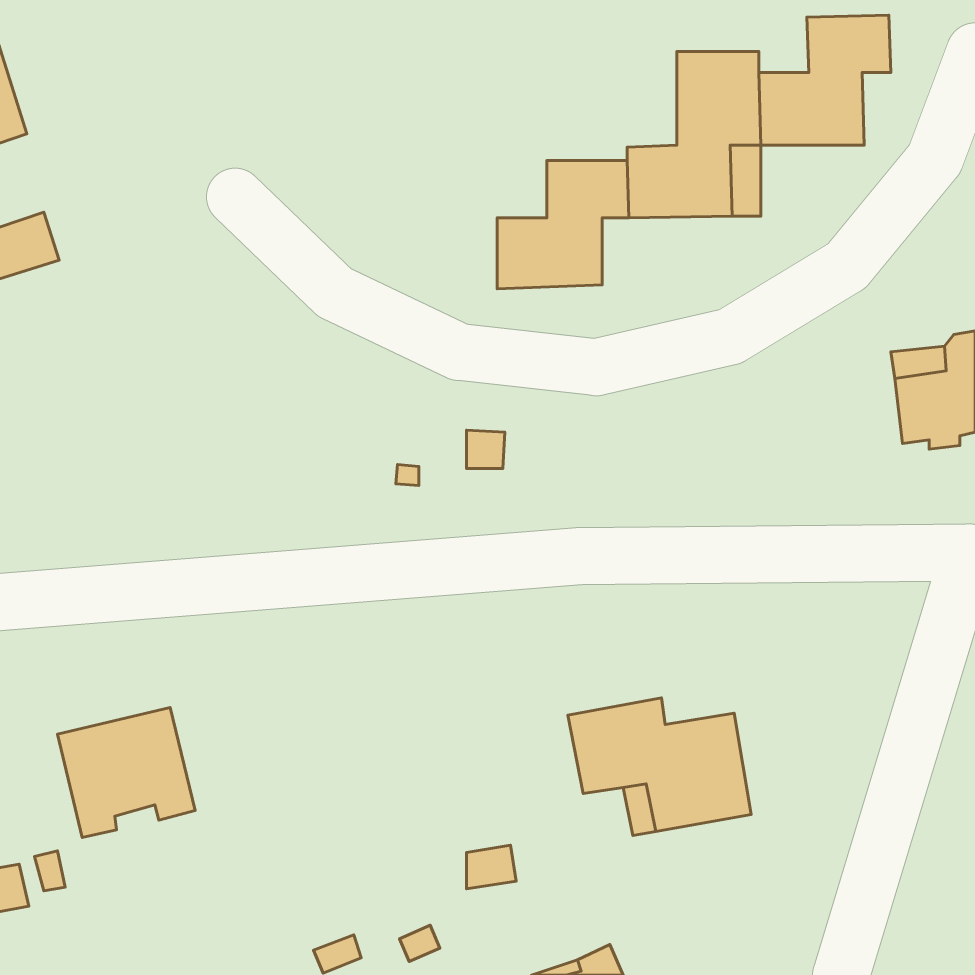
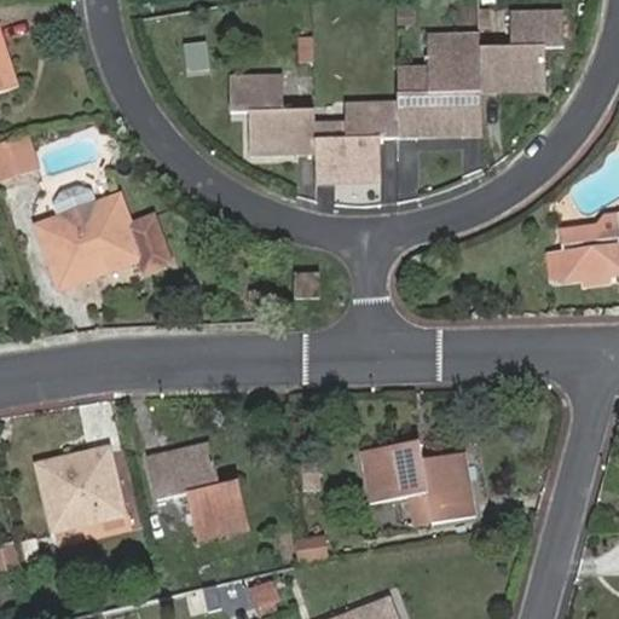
building: none -> [232,74,314,155]
building: none -> [35,183,167,288]
building: none -> [147,441,249,542]

